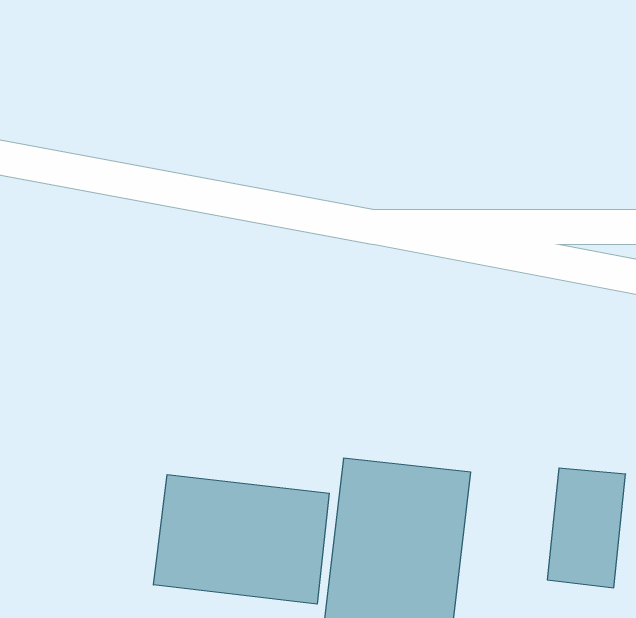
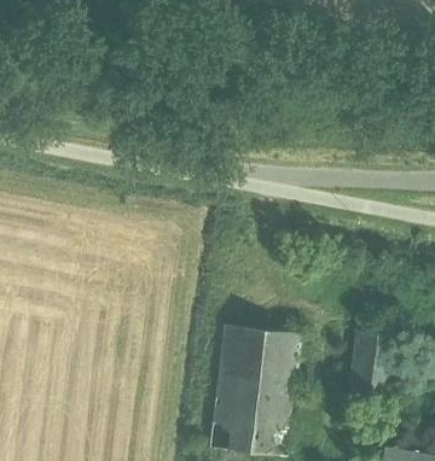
building: [153,475,329,604] -> none

